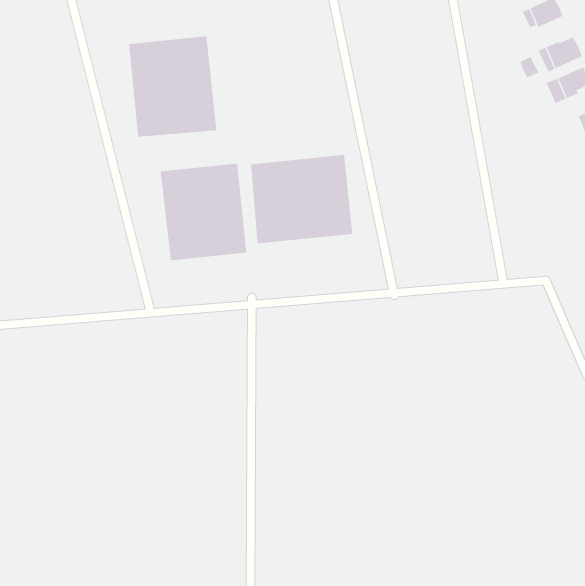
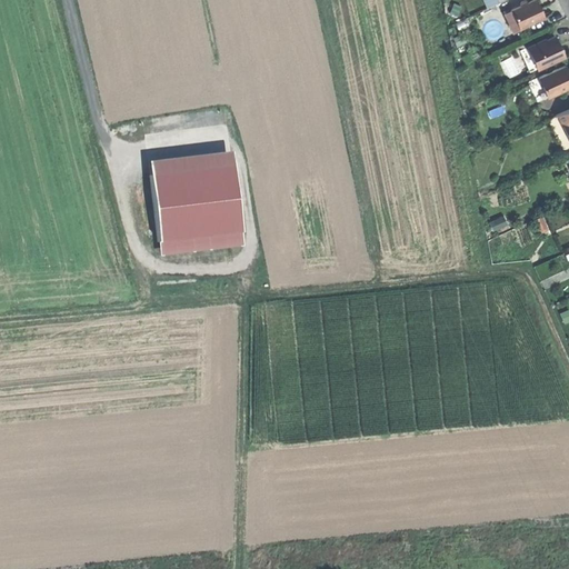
building: [128,36,217,138] -> none
building: [250,154,353,244] -> none

